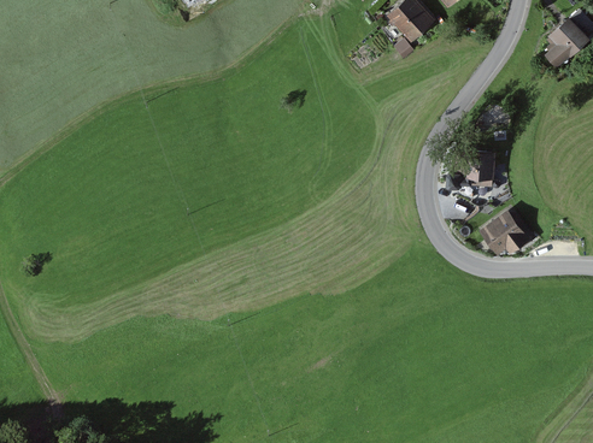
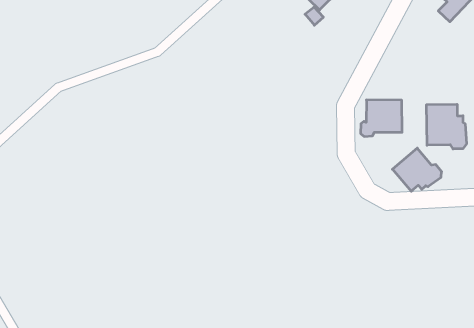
building: none -> [427,104,467,149]

